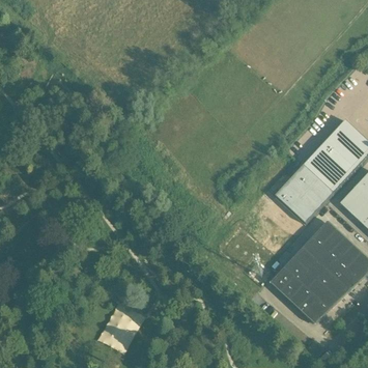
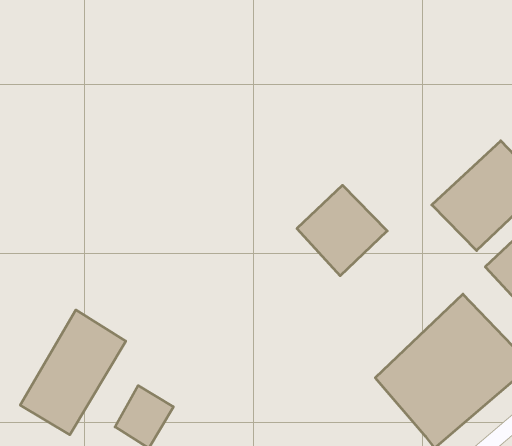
building: [275,164,334,223] -> [297,185,387,276]
building: none -> [20,310,126,435]

